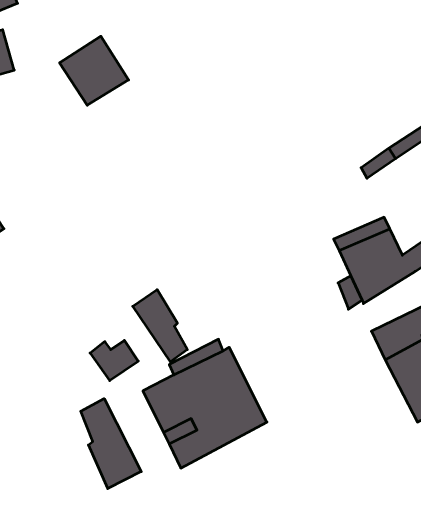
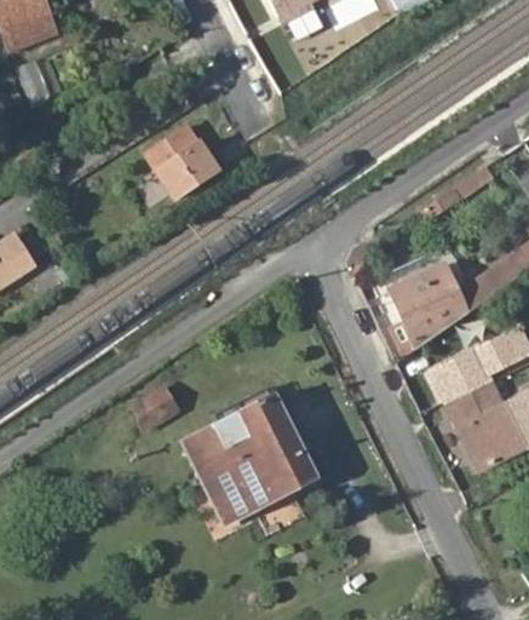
building: [60,36,129,105] -> [144,122,217,195]
building: [133,290,187,362] -> none
building: [81,399,141,489] -> none

